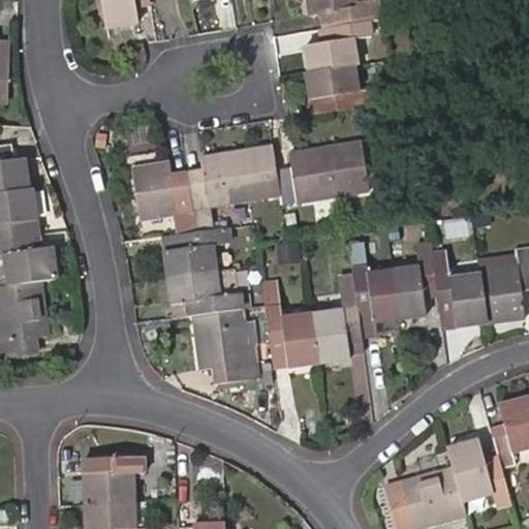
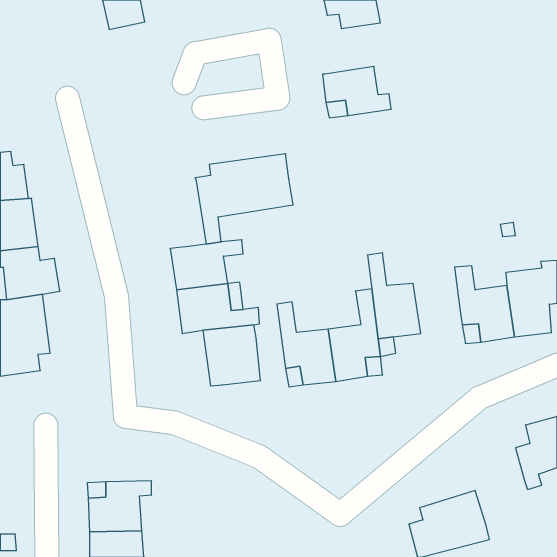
building: [304,22,362,70] -> none
building: [274,141,369,204] -> none
building: [130,162,195,234] -> none
building: [392,240,436,316] -> none
building: [211,319,259,382] -> none
building: [446,437,507,498] -> none

